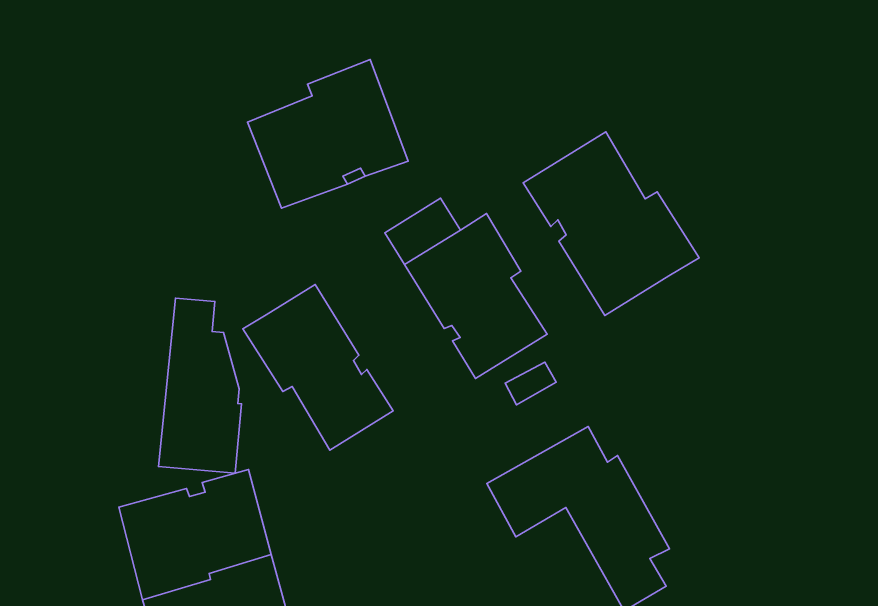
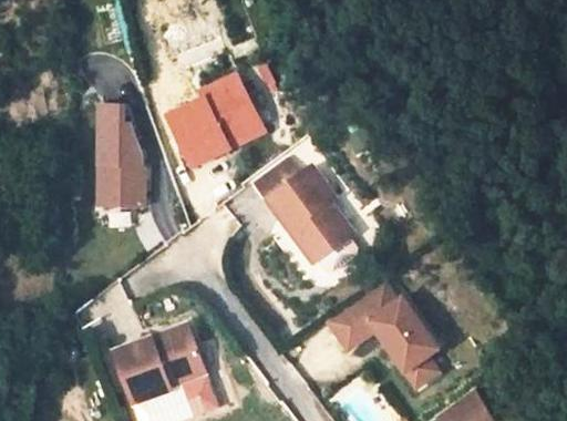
building: [523,132,699,316] -> none
building: [243,284,393,450] -> none
building: [159,298,241,473] -> [99,109,144,208]

